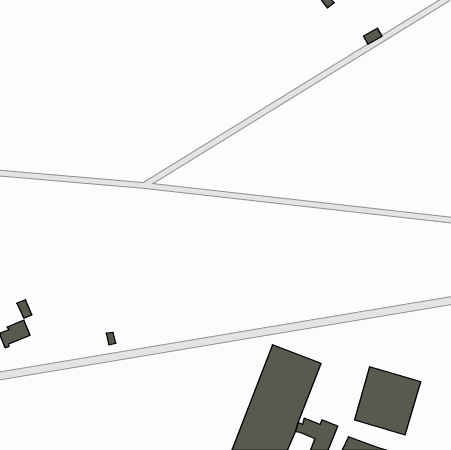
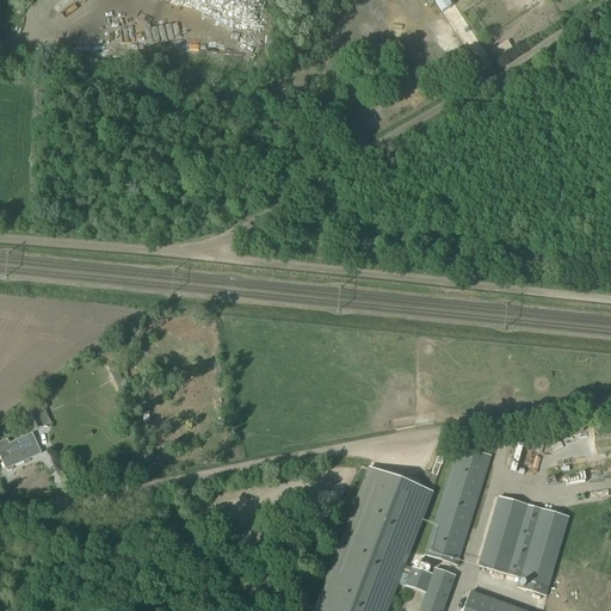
building: none -> [426,444,492,564]

